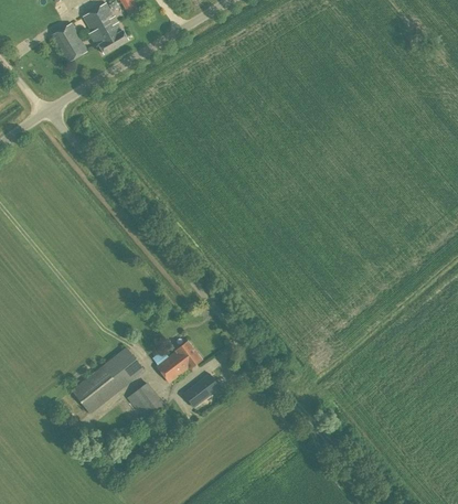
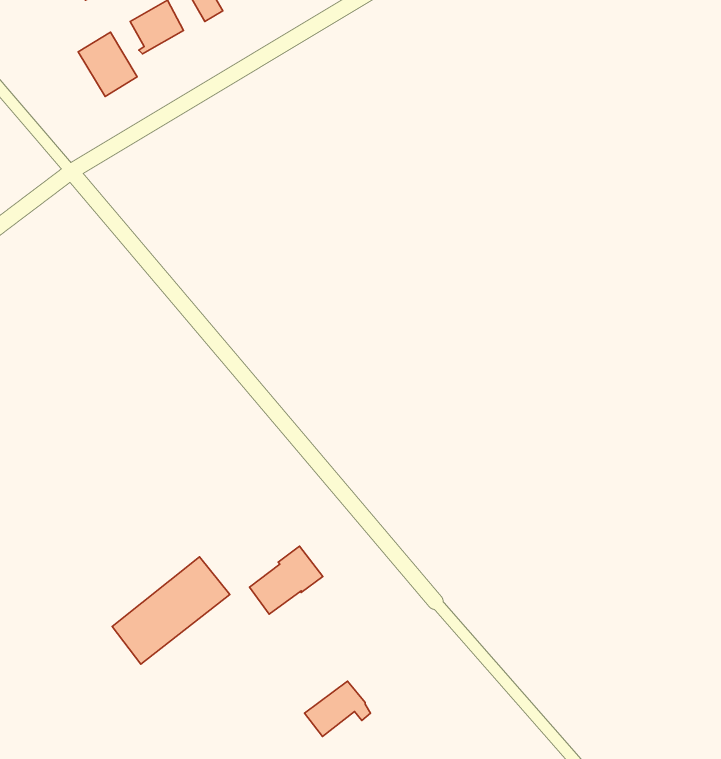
building: [90,21,128,53] -> none
building: [182,373,223,407] -> [305,681,371,736]
building: [127,382,164,419] -> none

